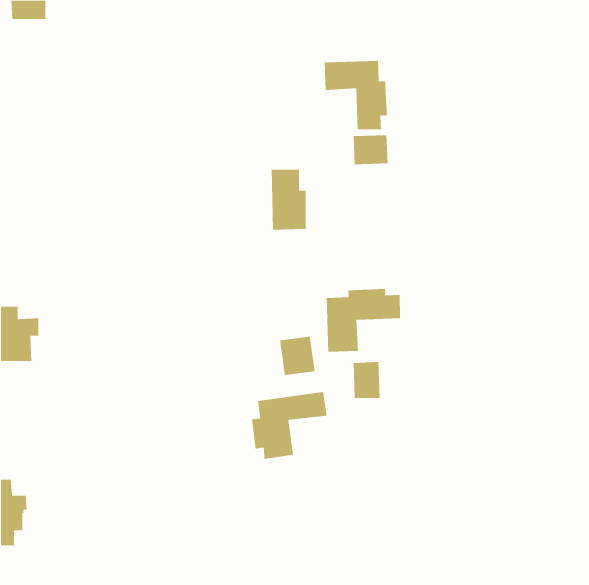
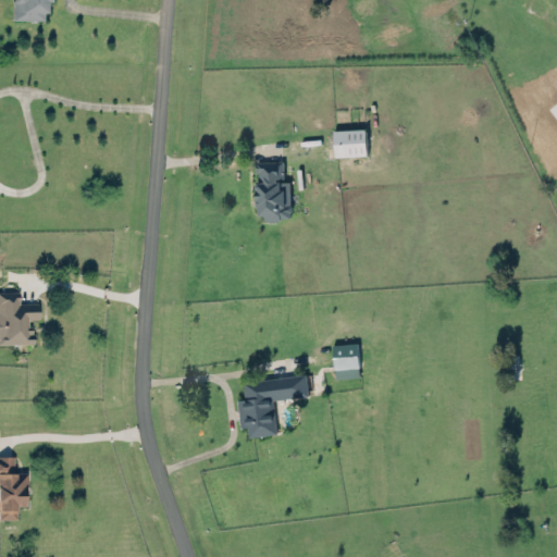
building: [324,60,387,130] -> none
building: [326,288,400,352] -> none
building: [280,336,315,376] -> none

